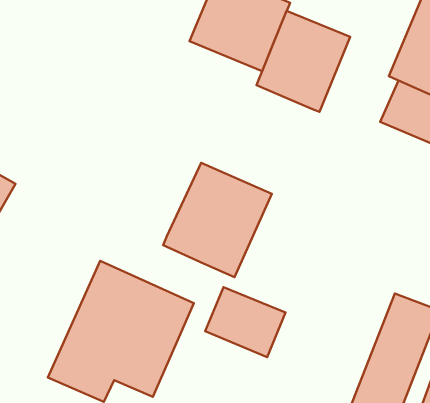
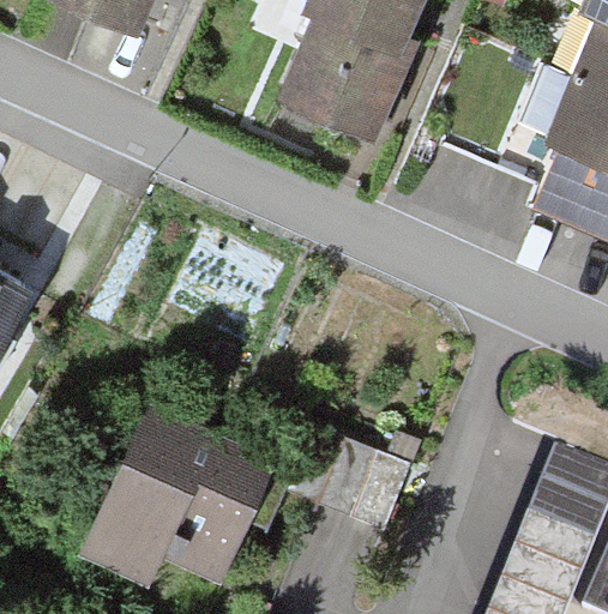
building: [257,11,350,112] -> none
building: [163,163,272,277] -> none

